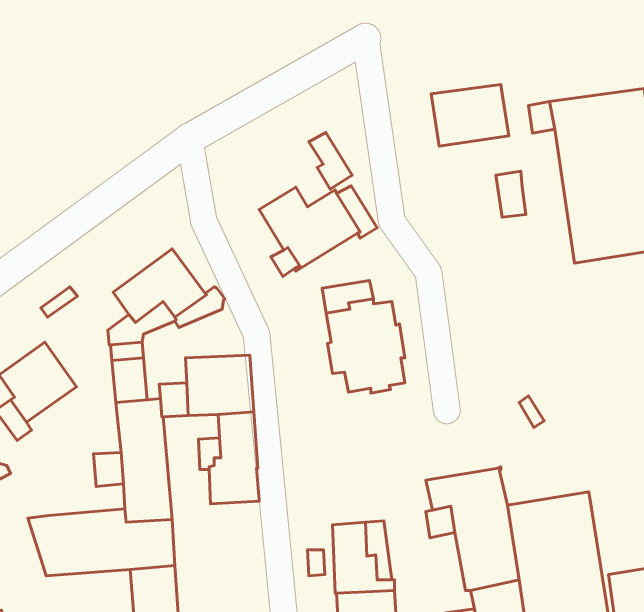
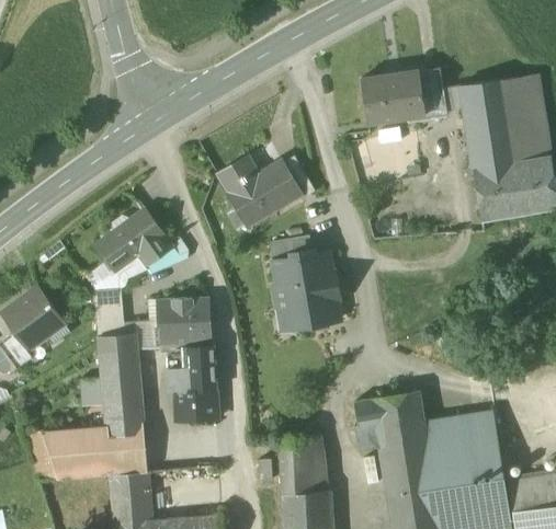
building: [309,132,352,189] -> none
building: [496,171,526,217] -> [420,77,445,115]

